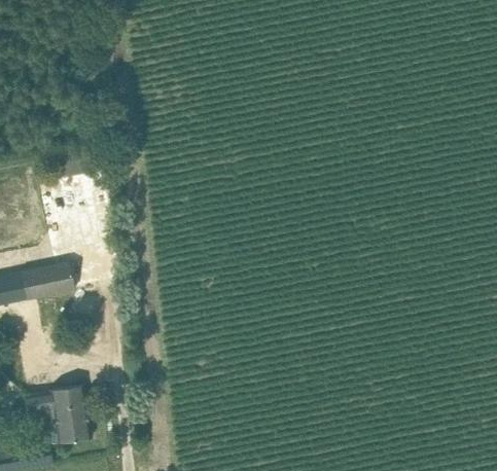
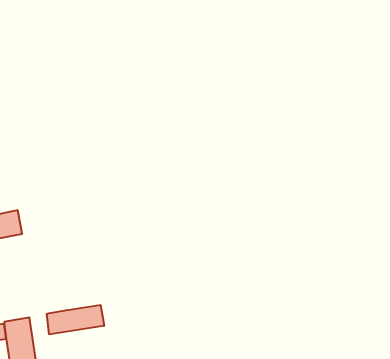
building: none -> [47,305,104,334]

